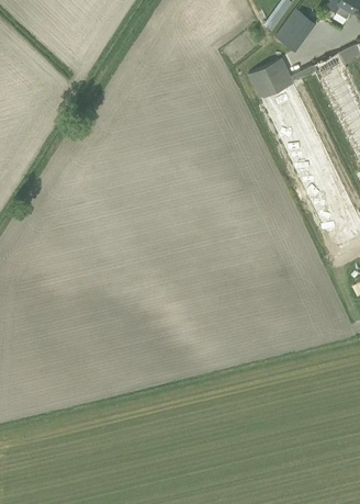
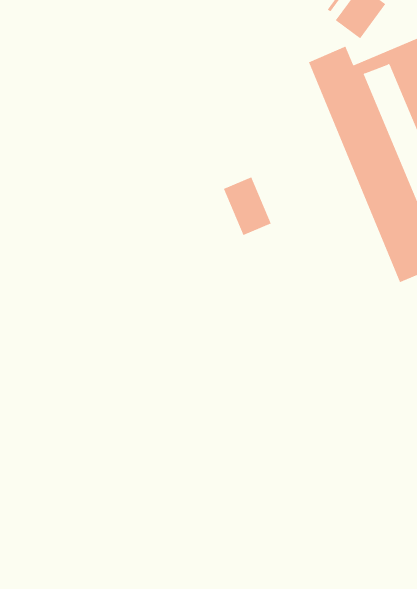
building: none -> [223,176,271,236]

